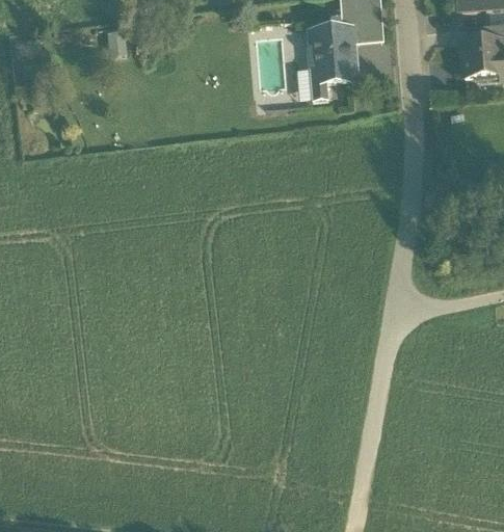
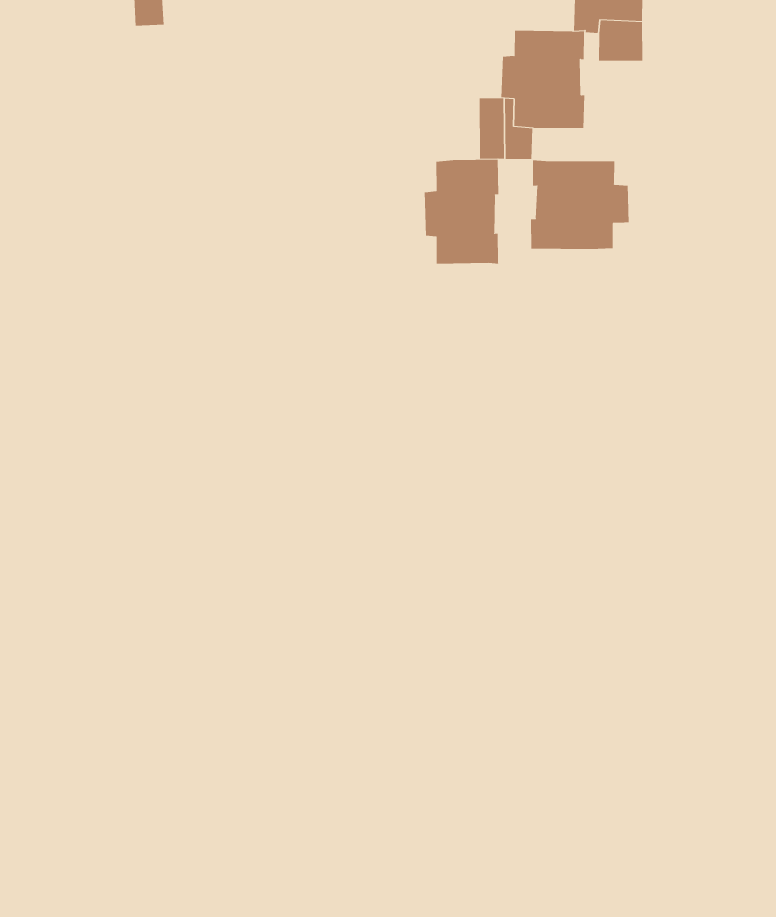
building: none -> [531,159,629,250]
building: none -> [424,159,499,265]

